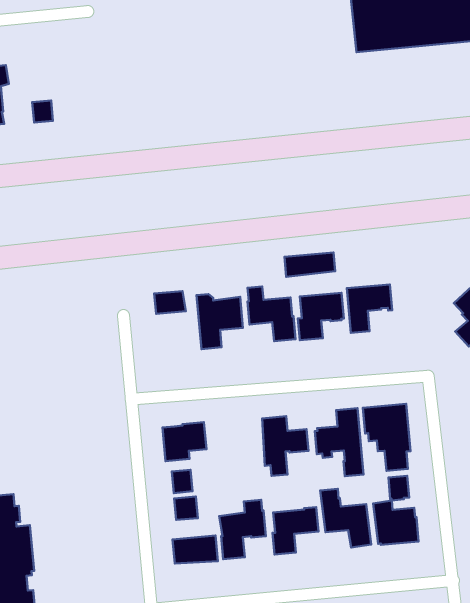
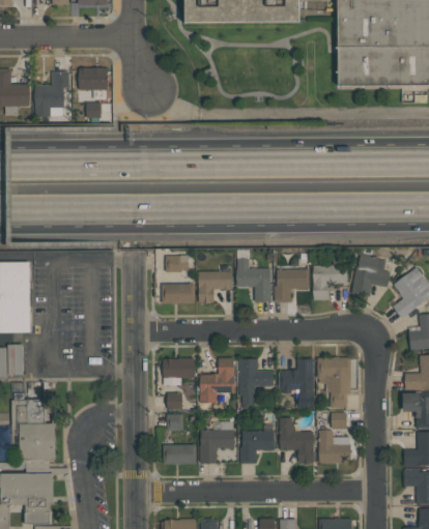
building: none -> [79,67,109,98]
building: [284,252,335,277] -> none
building: none -> [351,254,390,296]
building: none -> [162,283,195,303]
building: none -> [199,357,233,402]

